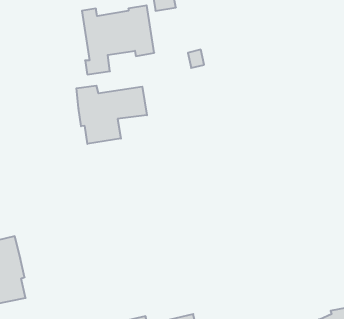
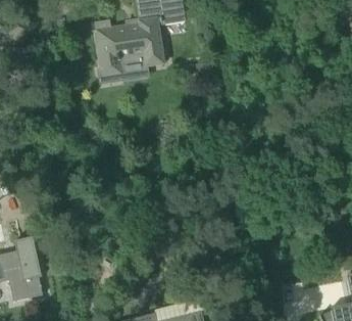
building: [76,86,147,144] -> none

